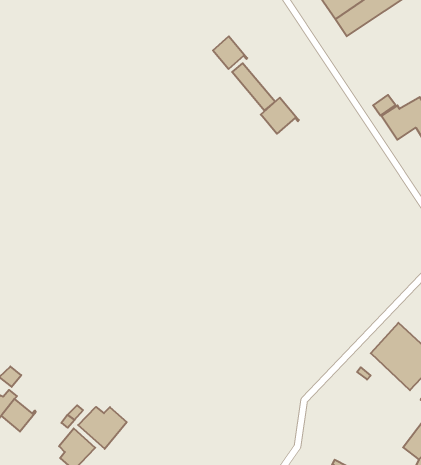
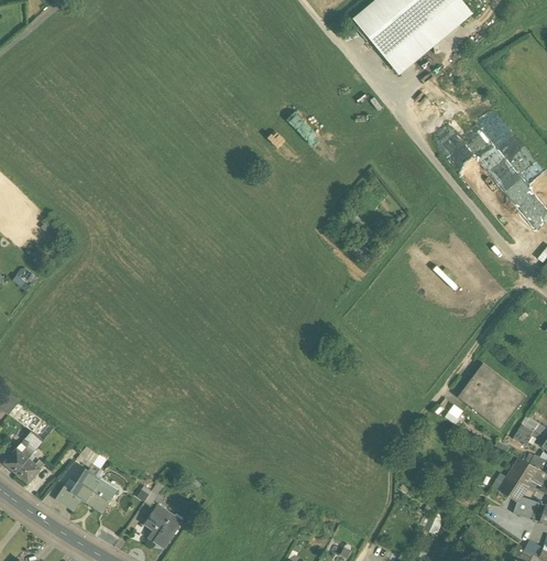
building: [213,36,247,69] -> none
building: [261,98,299,134] -> none
building: [78,407,127,449] -> none

